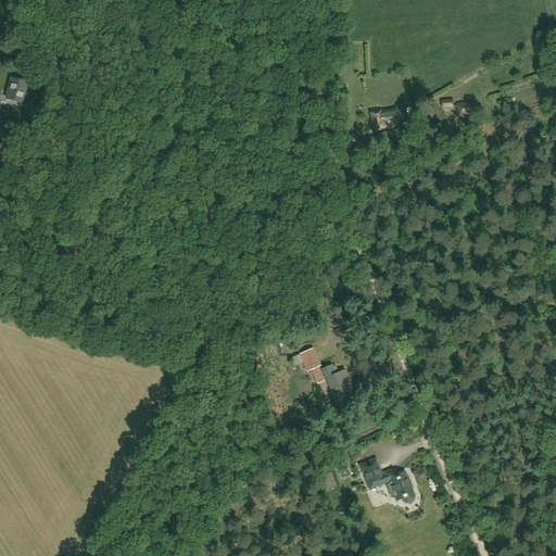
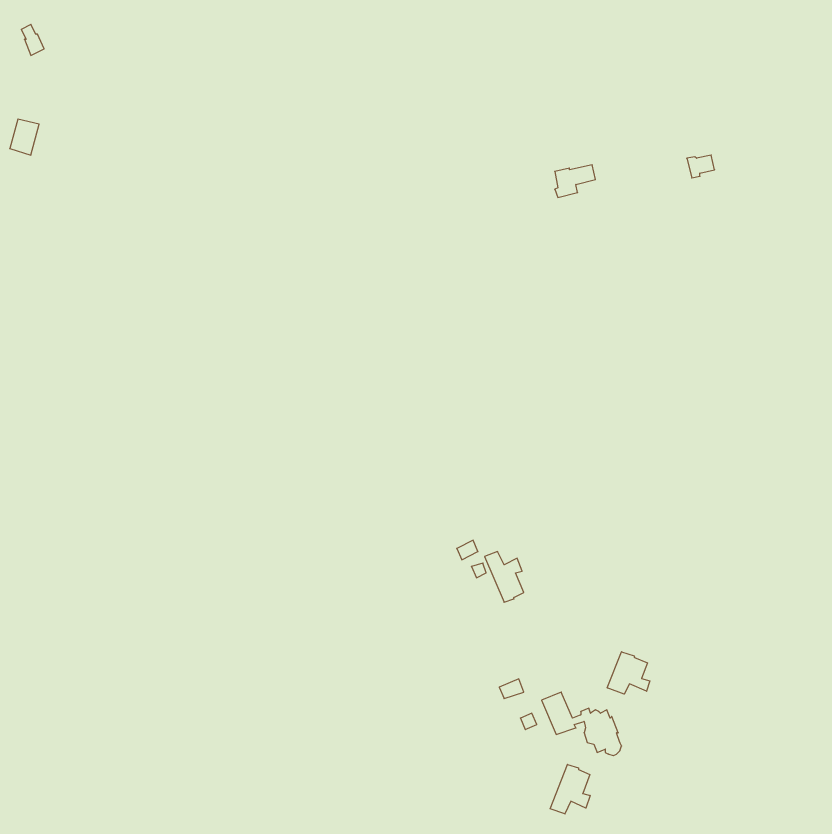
building: none -> [607,652,650,694]
building: none -> [550,764,590,814]

